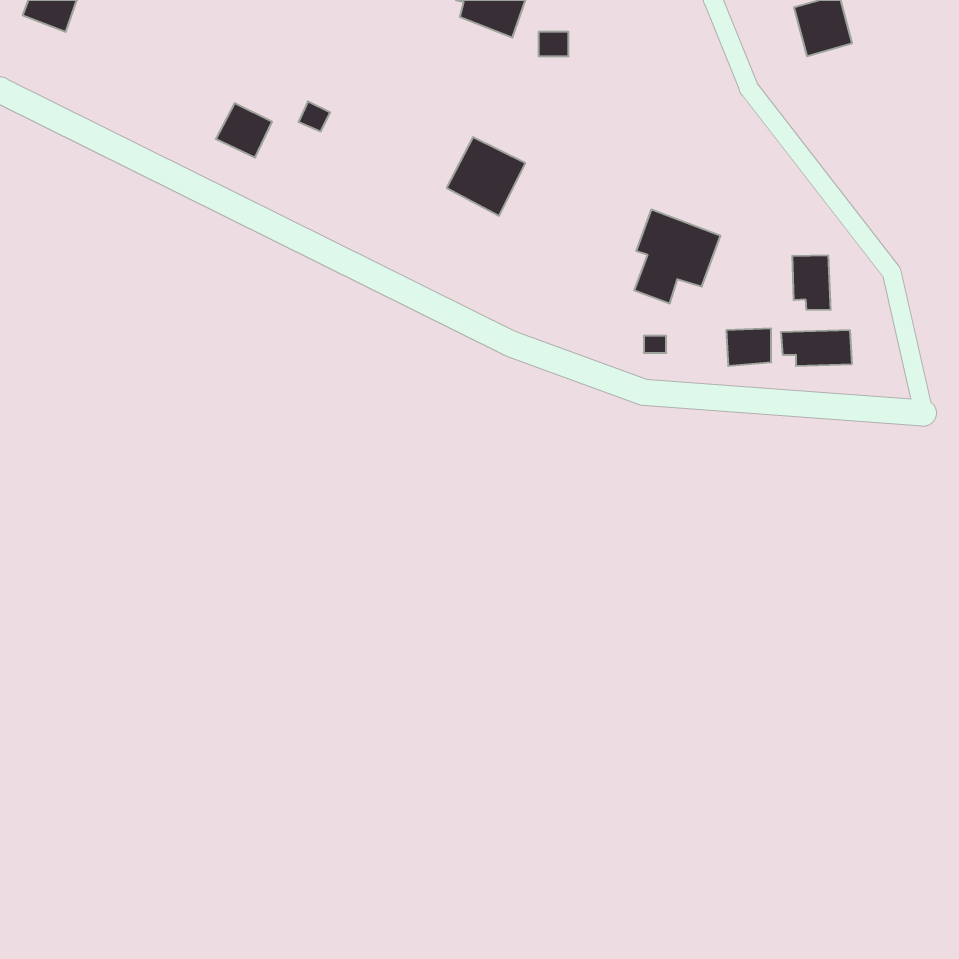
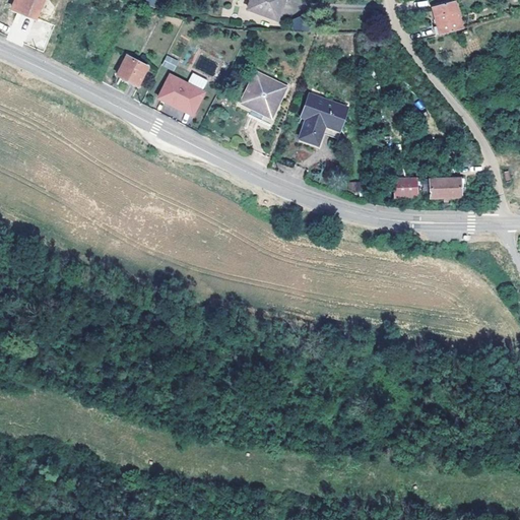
building: none -> [158,75,204,114]
building: [634,210,721,303] -> [300,94,346,145]
building: [792,255,830,310] -> none

